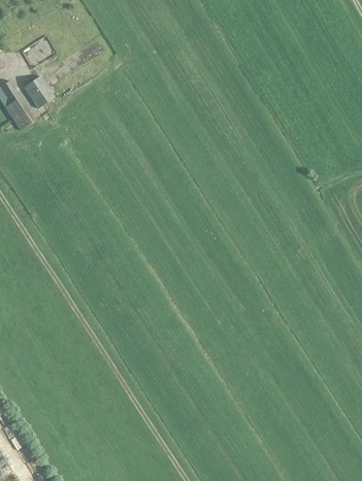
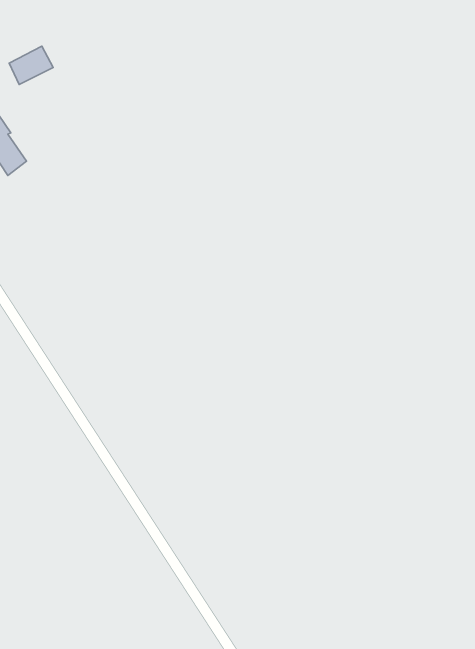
building: [23,76,53,108] -> none

